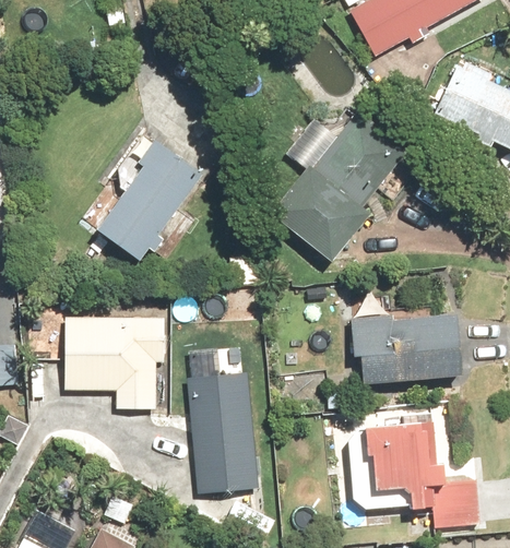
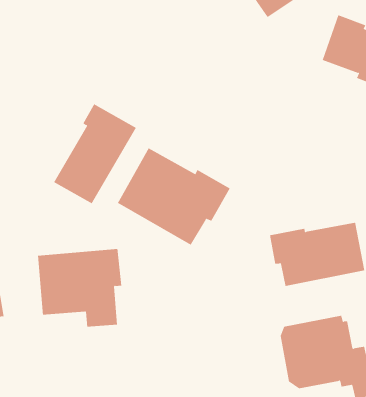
building: [270,109,424,260] -> none
building: none -> [117,148,230,245]
building: [187,372,259,493] -> none

